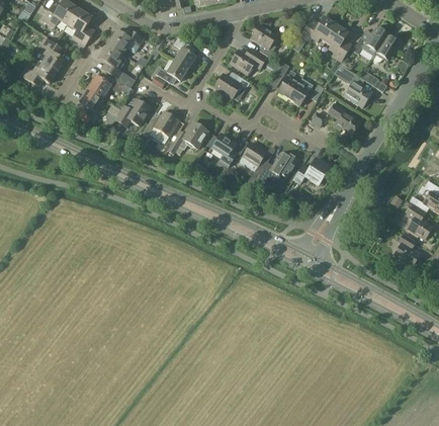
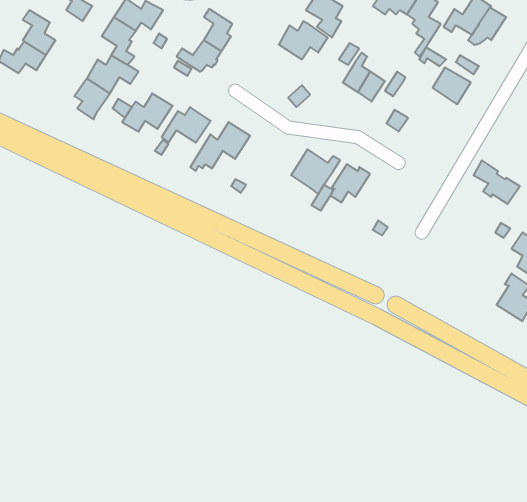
building: [214,73,251,98] -> none
building: [328,101,362,134] -> [474,160,520,204]
building: [212,134,239,167] -> none
building: [292,158,330,183] -> none

